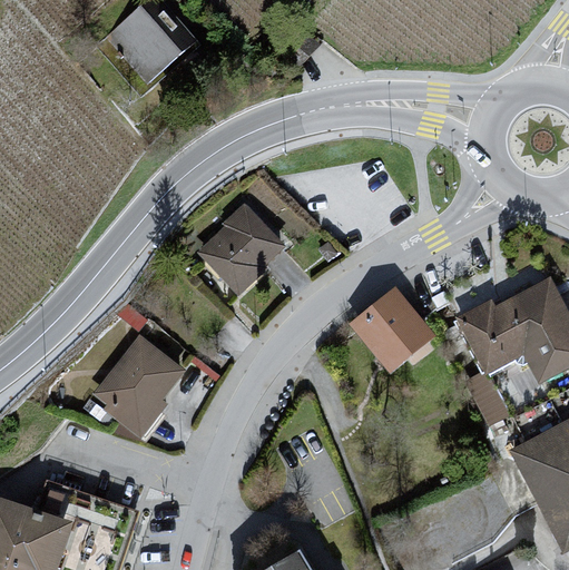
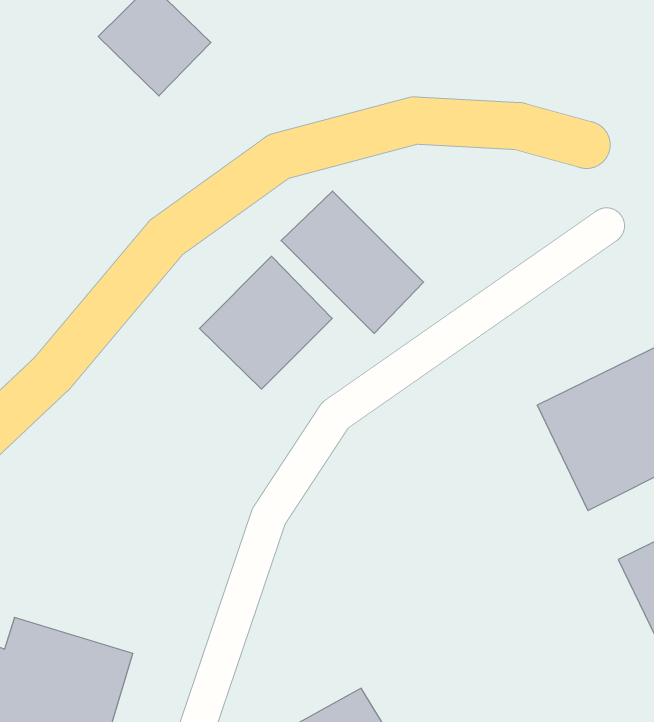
building: none -> [281,191,424,333]
building: [345,285,429,367] -> none
building: [85,337,184,439] -> none

